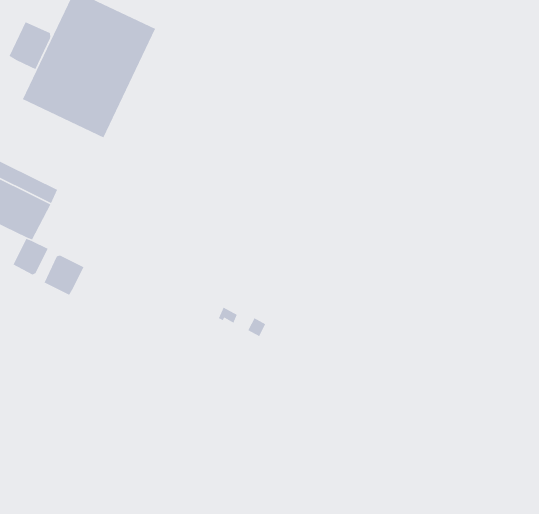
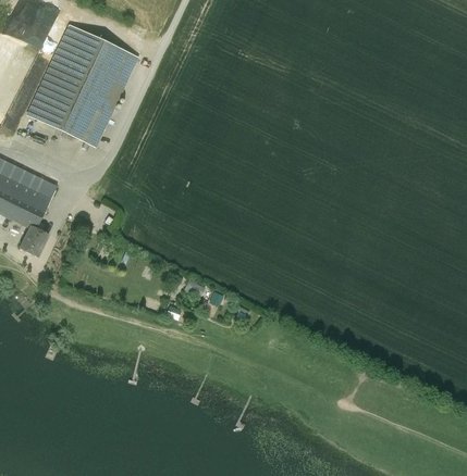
building: [9,21,51,70] -> none
building: [43,255,85,296] -> none

